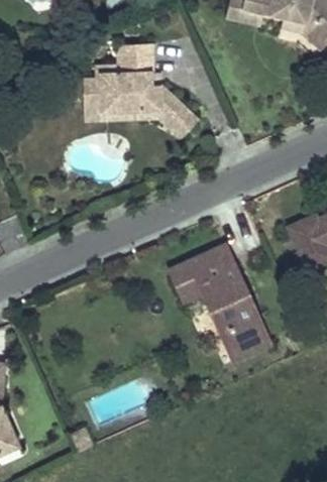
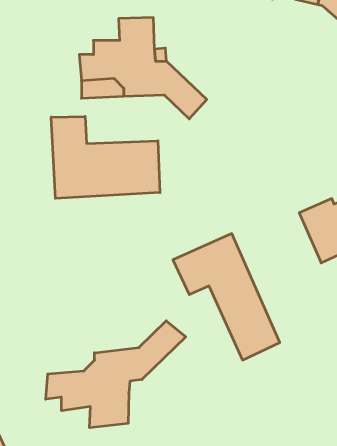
building: none -> [51,116,160,198]
building: none -> [46,321,186,428]

